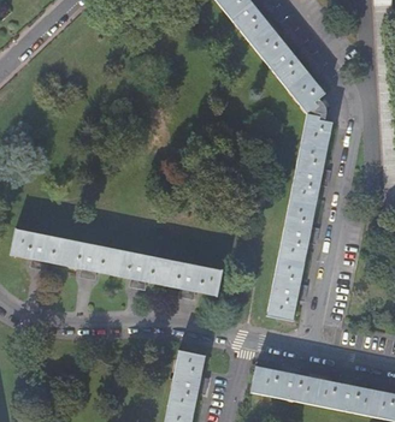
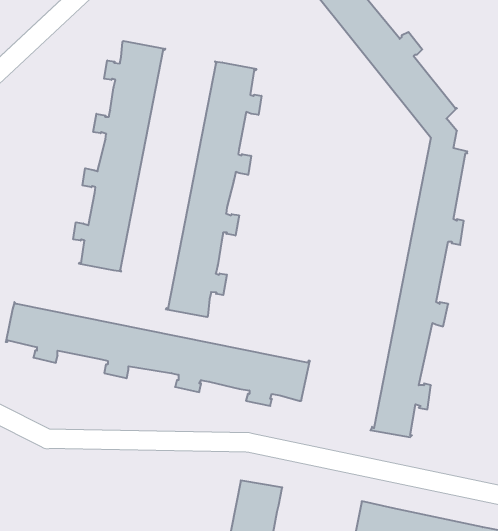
building: none -> [73,41,165,272]
building: none -> [166,61,261,317]

